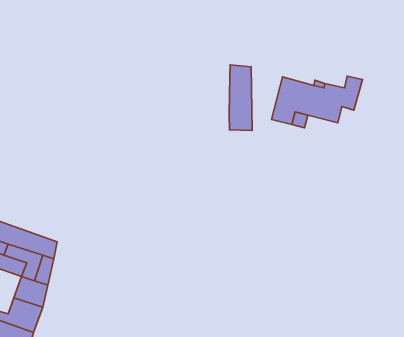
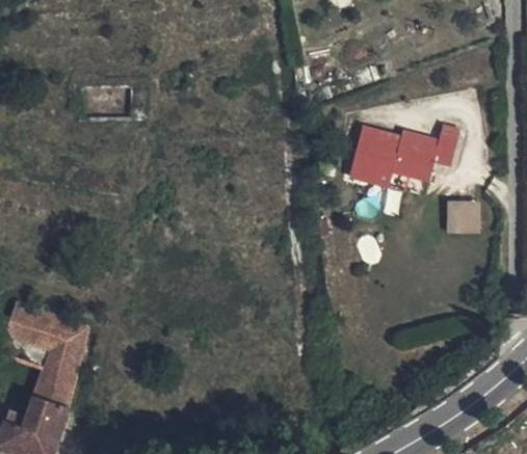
building: [229,65,252,130] -> none
building: none -> [448,198,480,231]

